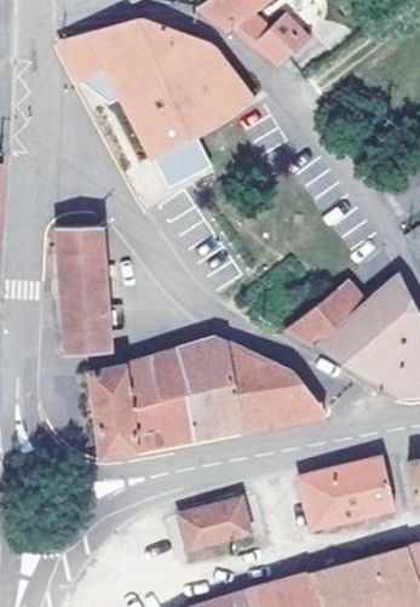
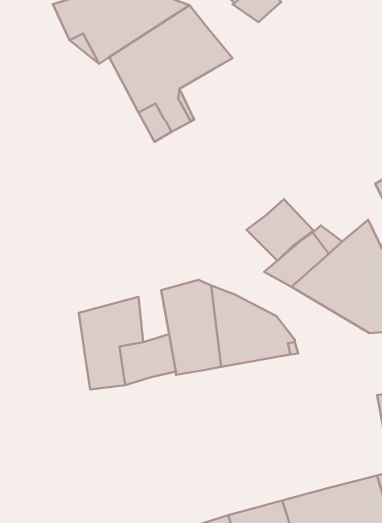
building: [56,224,114,357] -> none
building: none -> [247,199,313,261]
building: [151,349,184,405] -> none
building: [299,458,395,528] -> none
building: [177,496,247,549] -> none

